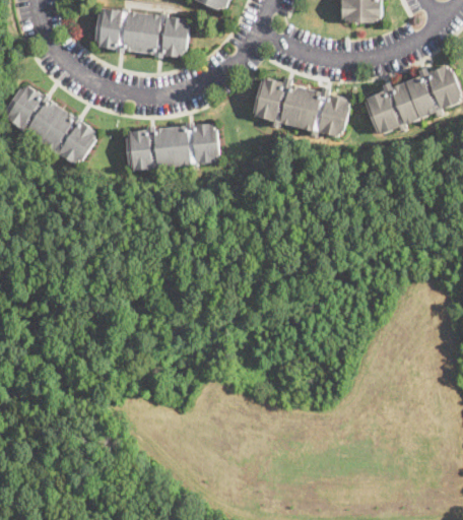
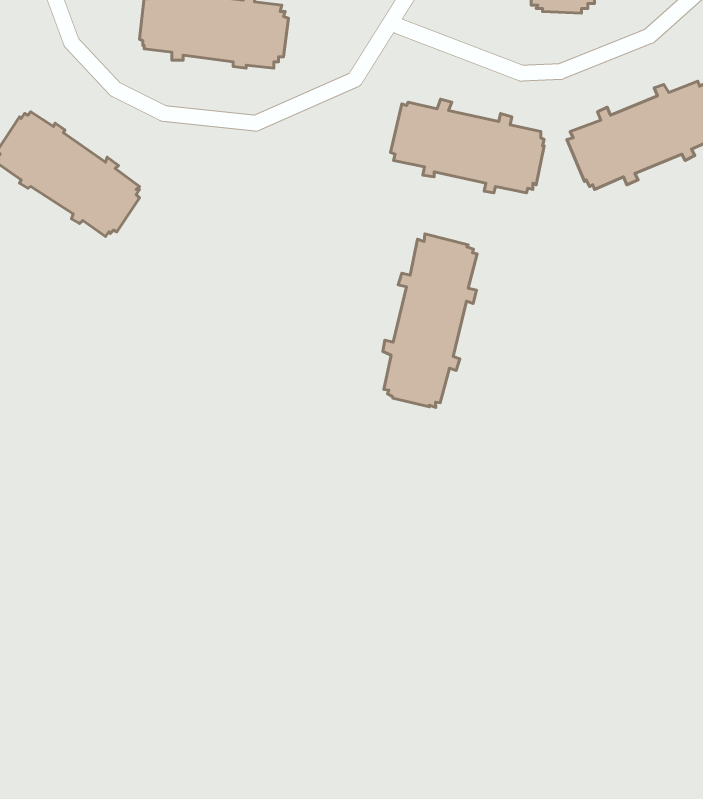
building: [126,122,219,171] -> none
building: none -> [383,234,477,407]

